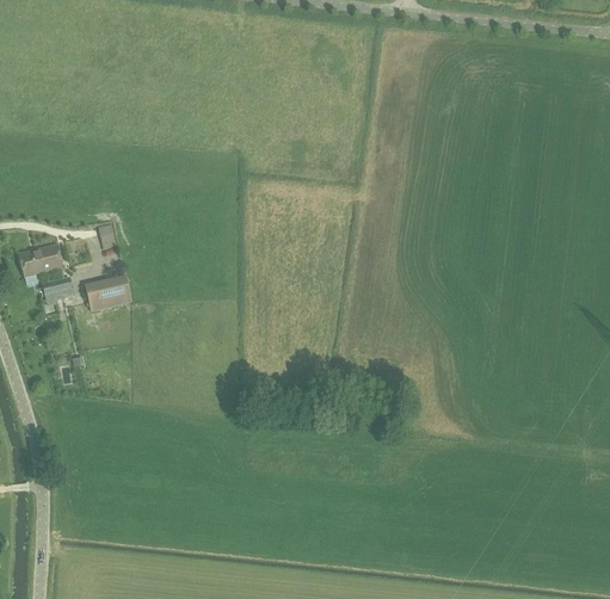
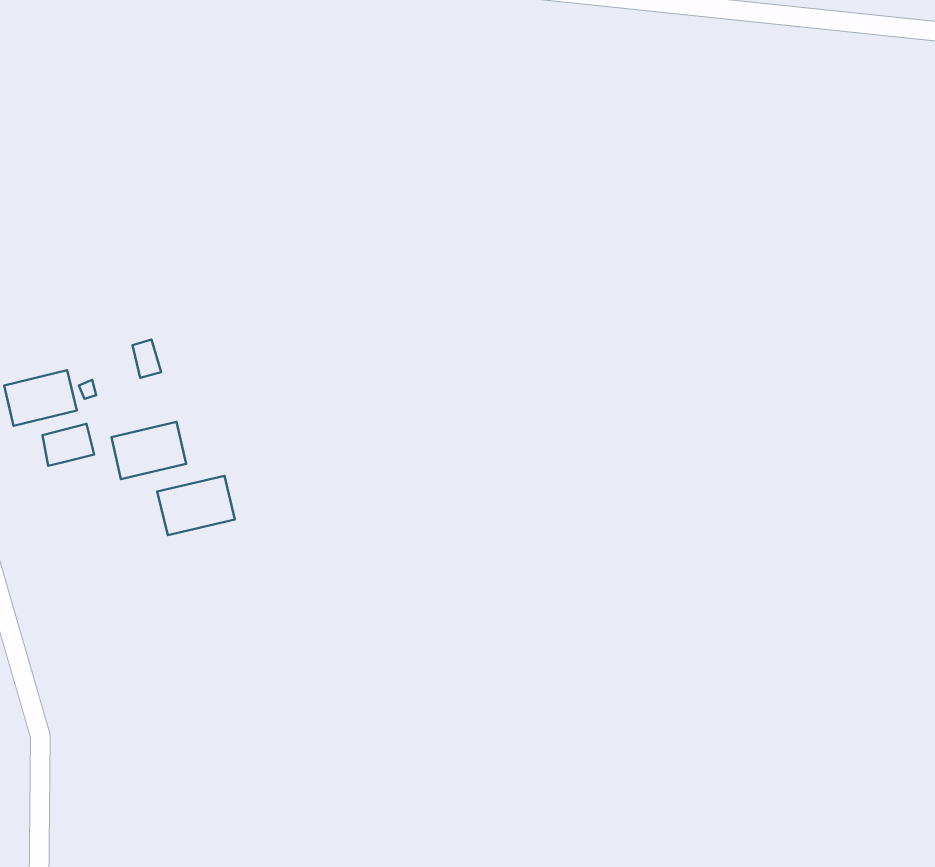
building: none -> [157,476,235,535]

